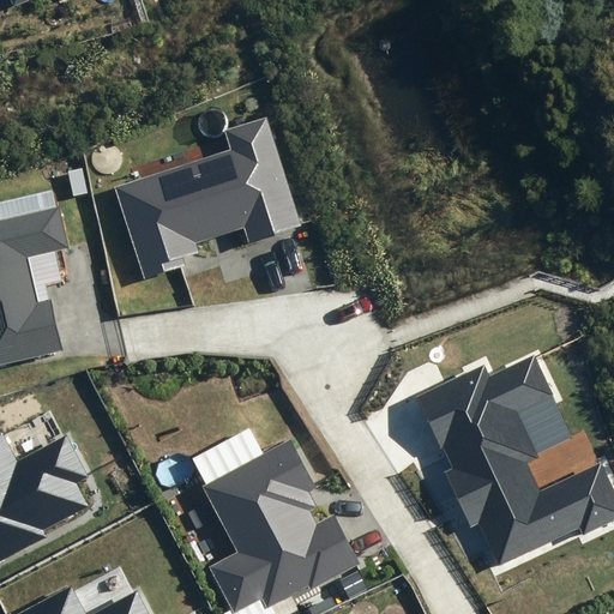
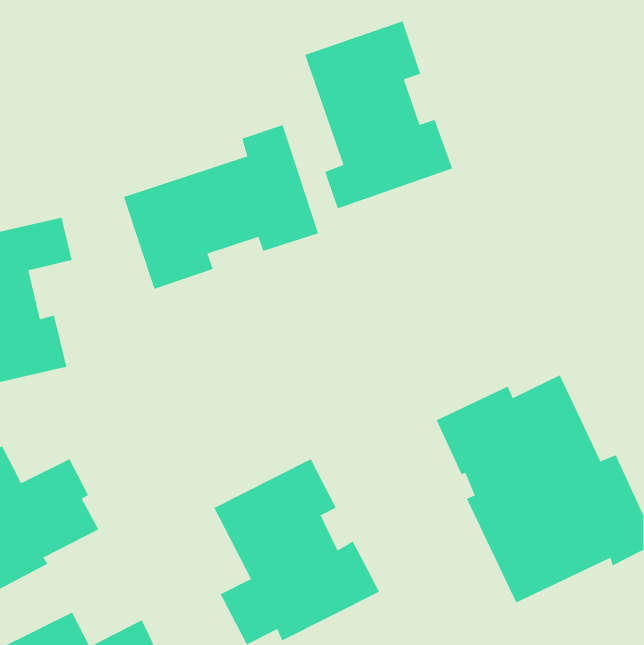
building: none -> [304,21,453,209]

